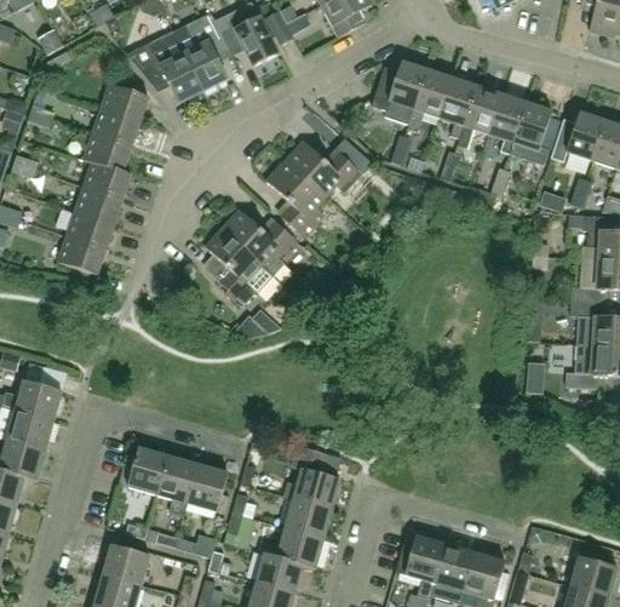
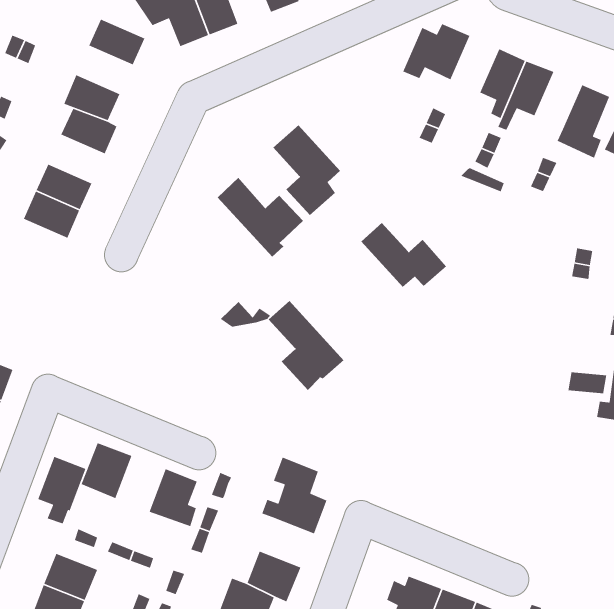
building: [407,69,452,132] -> none
building: [488,93,526,154] -> none
building: [91,108,139,147] -> none
building: [286,141,362,195] -> [360,222,447,288]
building: [74,187,122,225] -> none
building: [205,228,274,304] -> [268,300,345,391]
building: [159,456,199,514] -> [37,456,87,524]
building: [286,498,332,538] -> none

